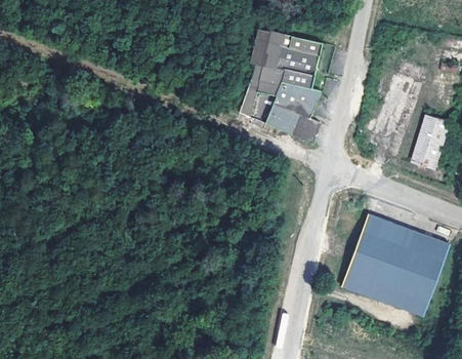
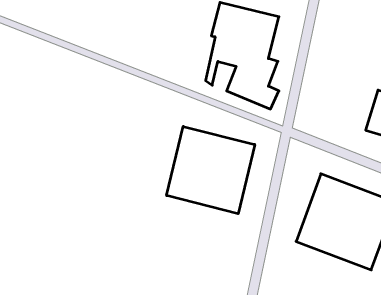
building: none -> [167,126,255,214]

